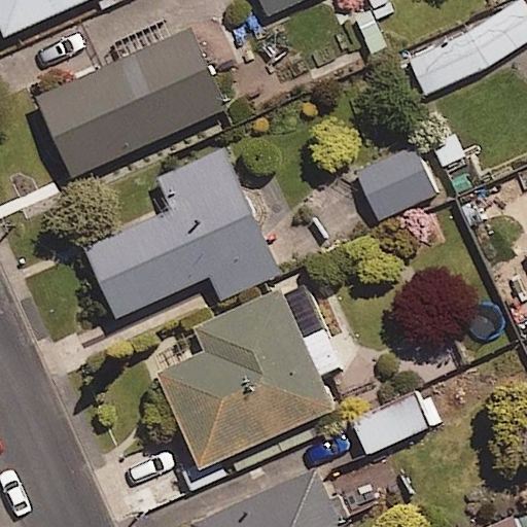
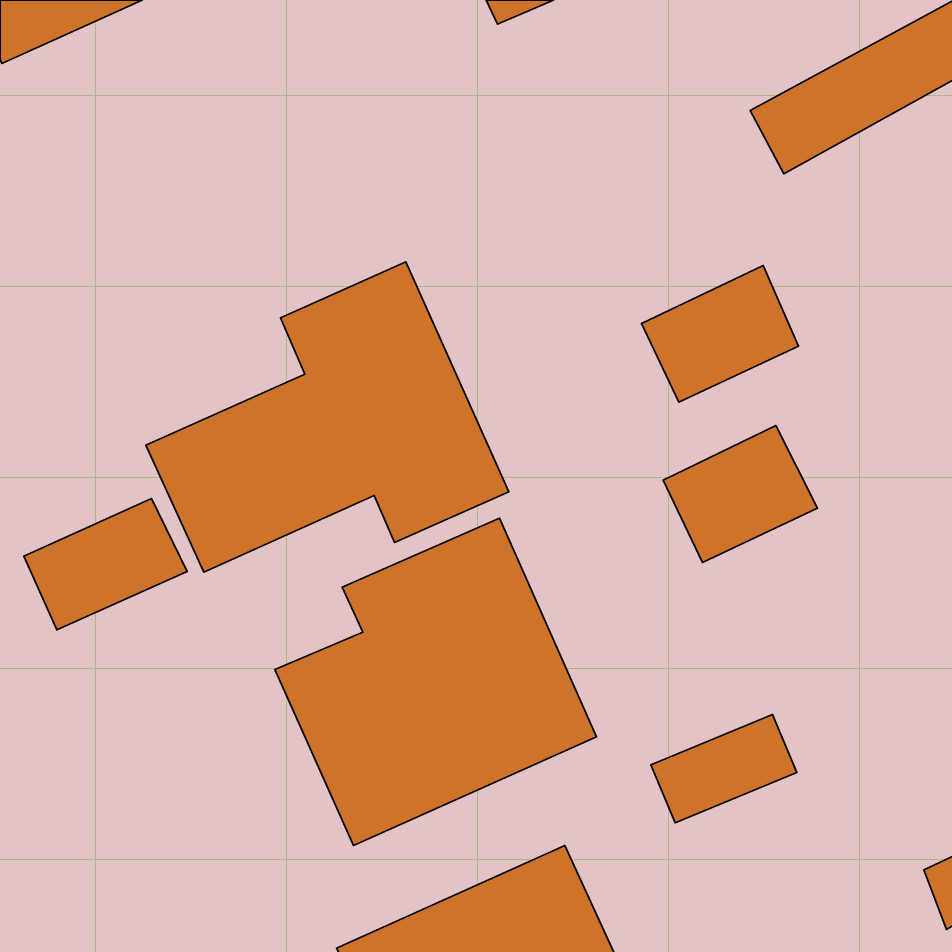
building: [34,27,225,177] -> none
building: none -> [663,426,818,563]
building: none -> [24,498,187,630]

